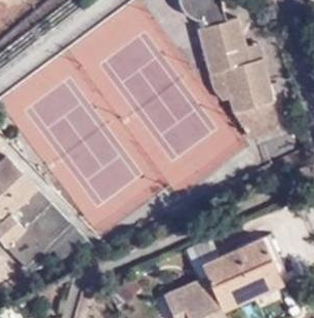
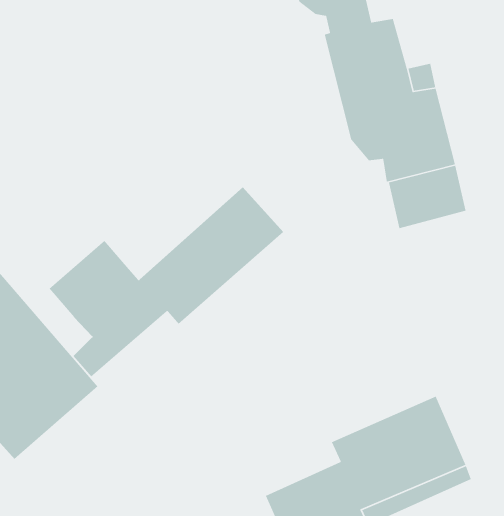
building: none -> [49,186,284,378]

